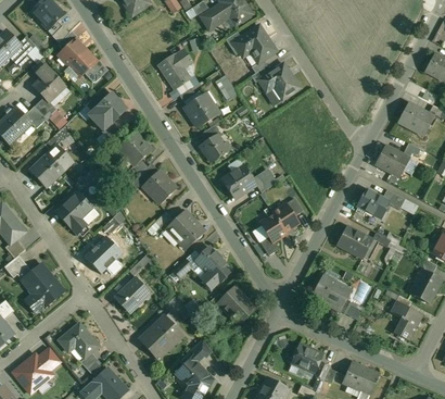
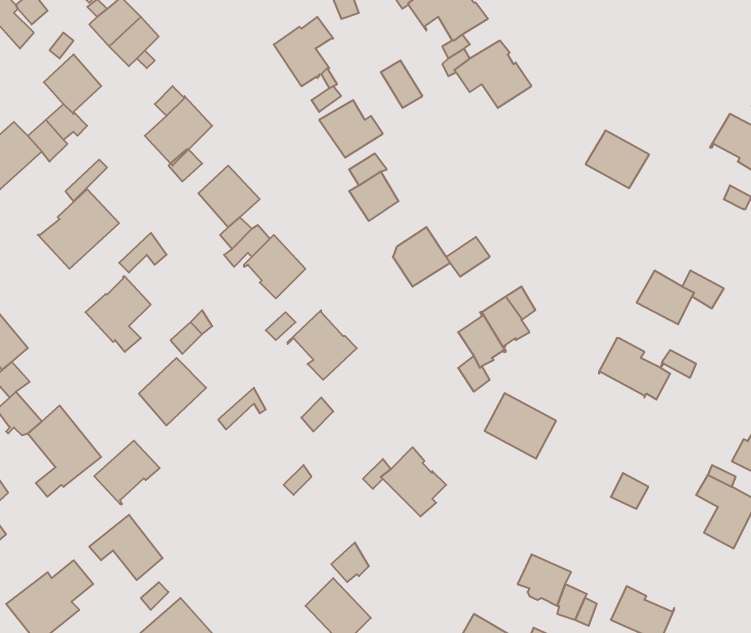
building: [374,145,409,176] -> [586,131,649,188]
building: [195,247,227,278] -> none
building: [312,274,351,310] -> [485,393,556,459]
building: [114,277,150,312] -> [94,441,160,504]
building: [139,314,182,360] -> none

